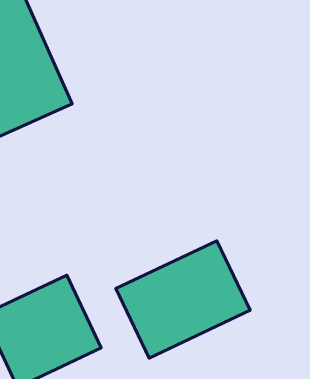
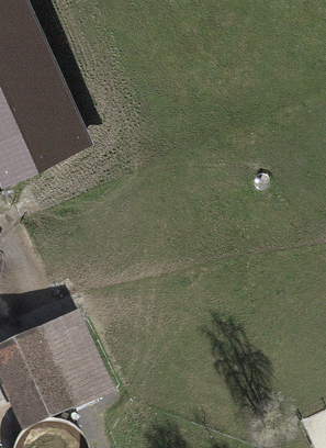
building: [116,241,250,358] -> none

